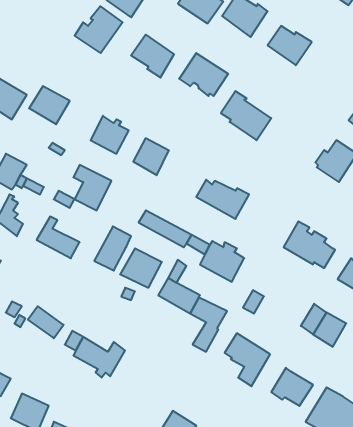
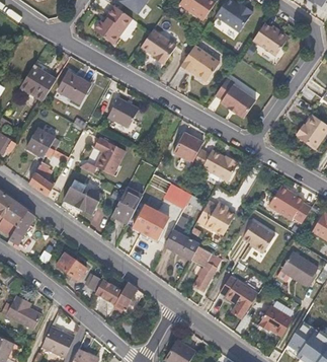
building: [133,138,169,175] -> [174,133,203,163]
building: none -> [238,218,274,252]

